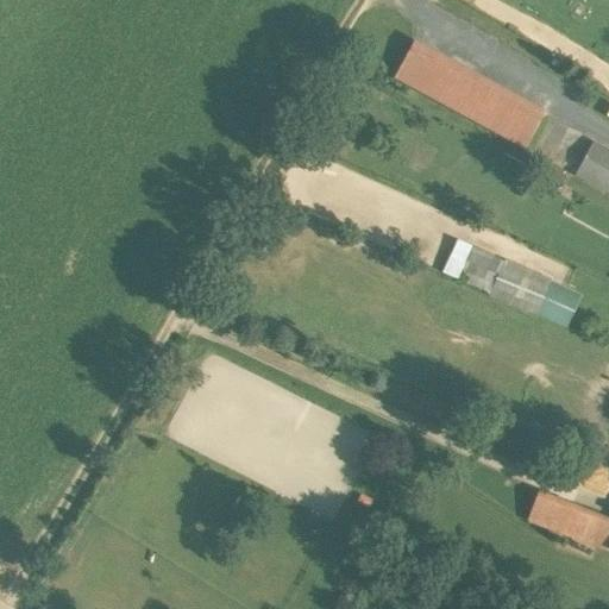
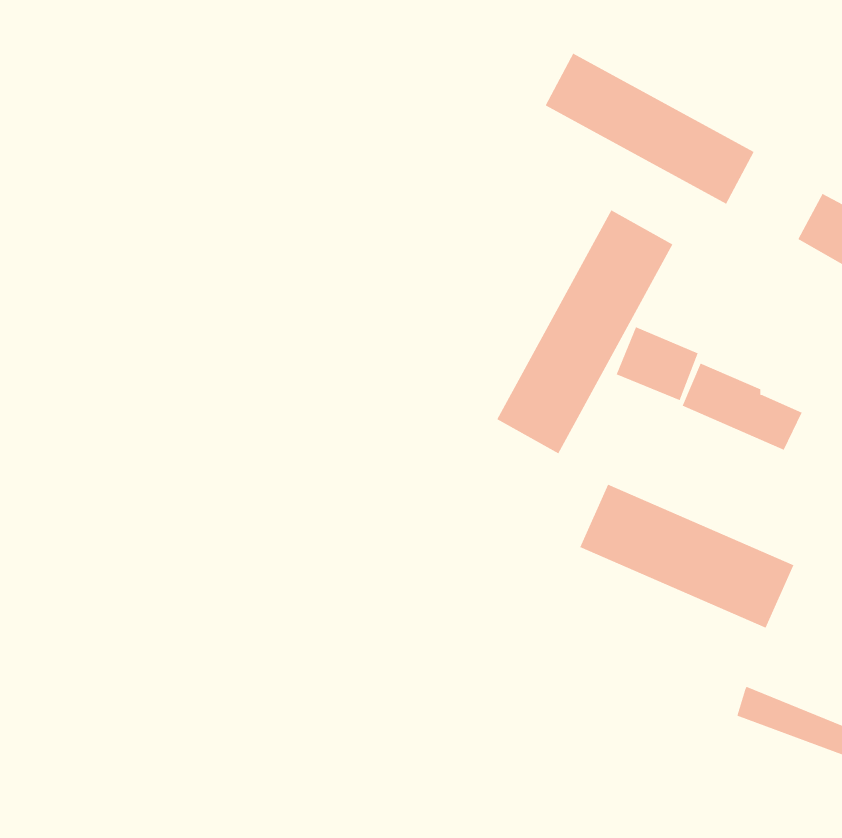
building: none -> [496,209,673,454]
building: none -> [580,484,794,628]

